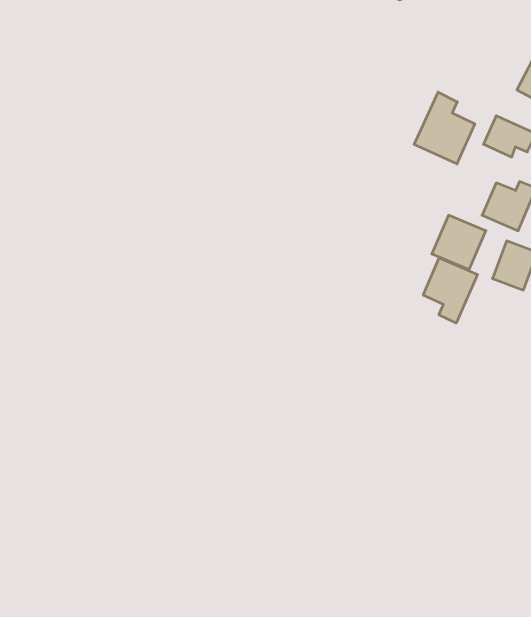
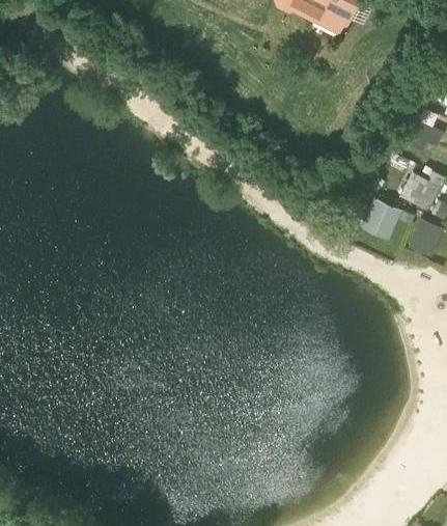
building: [414,92,475,164] -> none
building: [423,258,477,323] -> none

